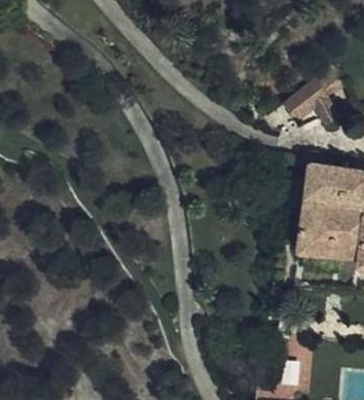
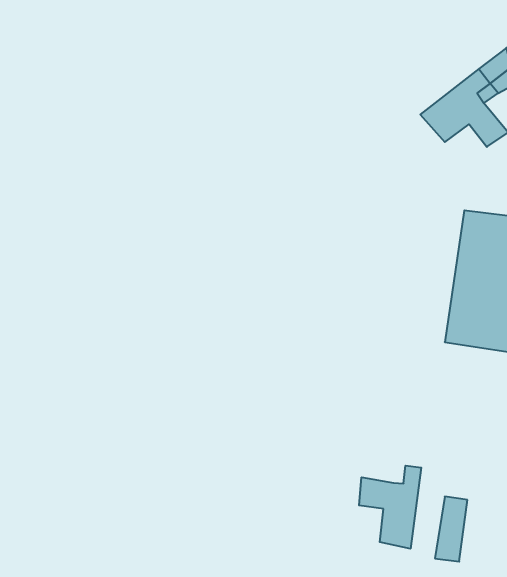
building: none -> [359,466,421,549]

